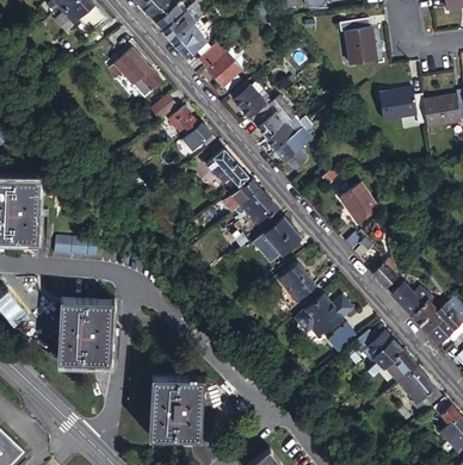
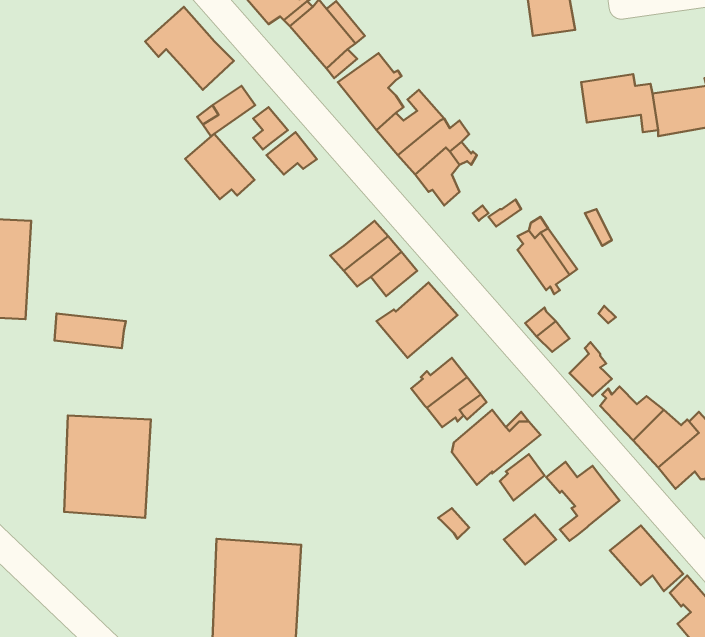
building: [206,149,249,190] -> [185,134,255,199]
building: [384,352,416,383] -> [504,515,556,565]

